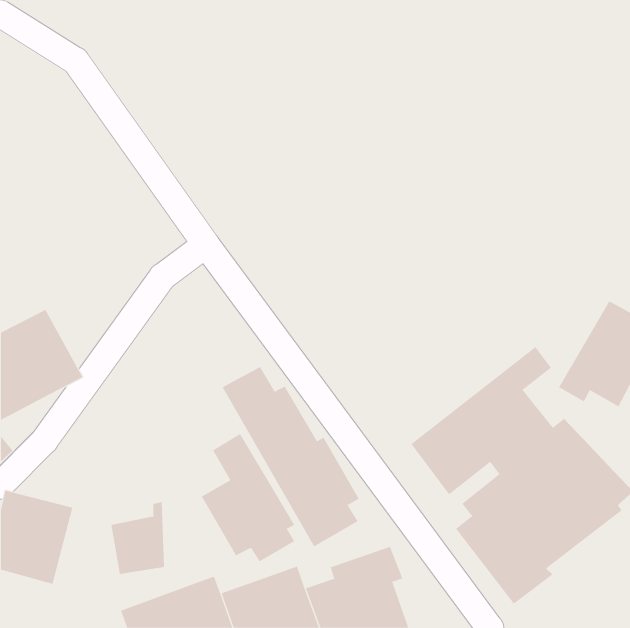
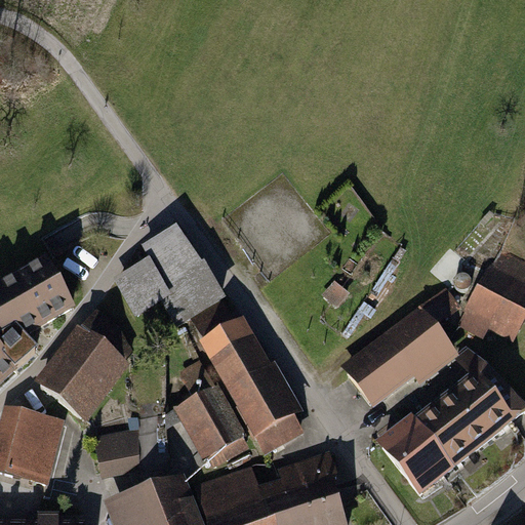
building: none -> [112,230,221,327]
building: none -> [34,309,132,422]

